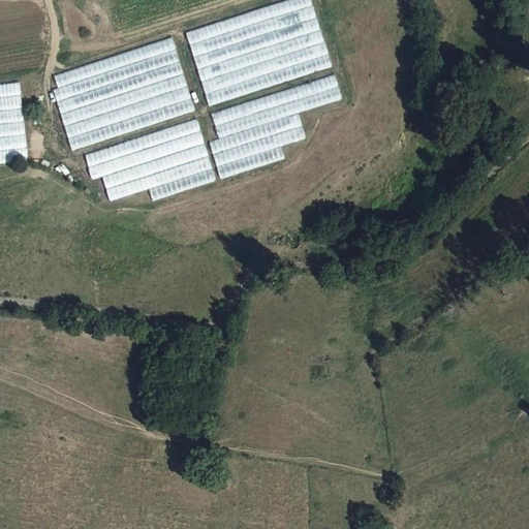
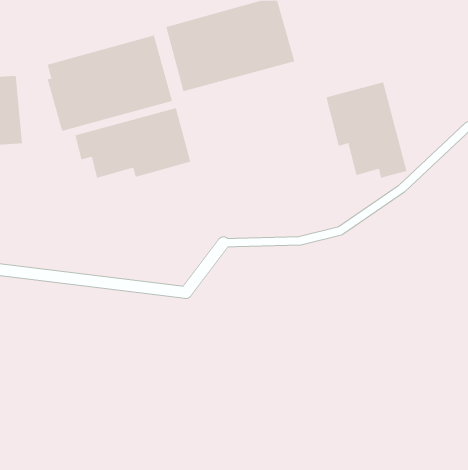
building: [210,77,342,177] -> none
building: none -> [326,82,407,179]

